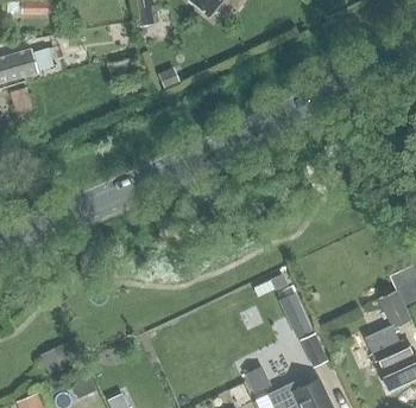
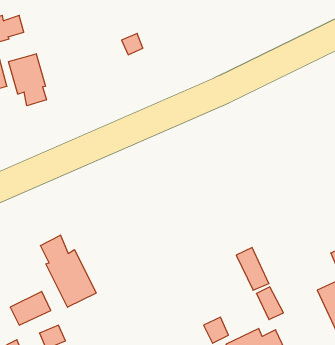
building: none -> [9,54,46,106]
building: none -> [40,235,96,307]

